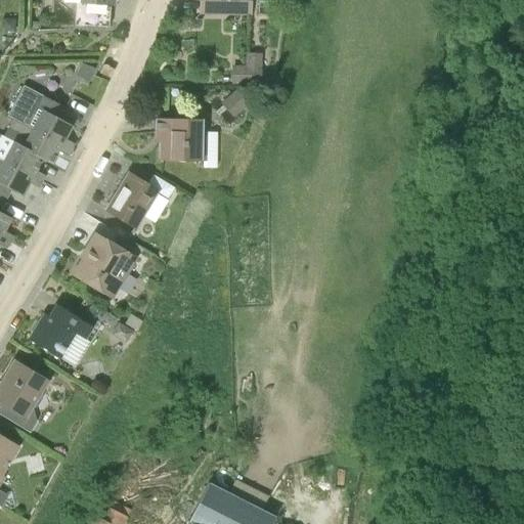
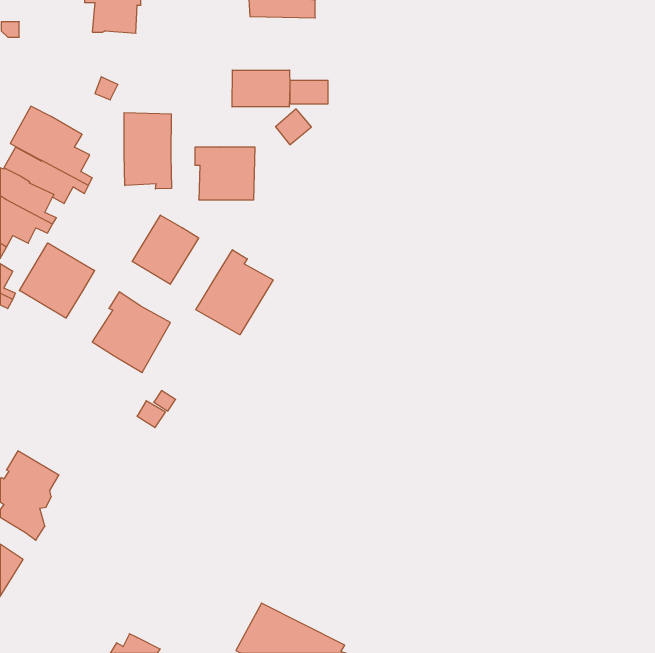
building: none -> [232,70,290,107]
building: none -> [124,113,172,189]
building: none -> [19,243,95,318]
building: none -> [196,250,273,335]
building: [28,303,93,358] -> none

